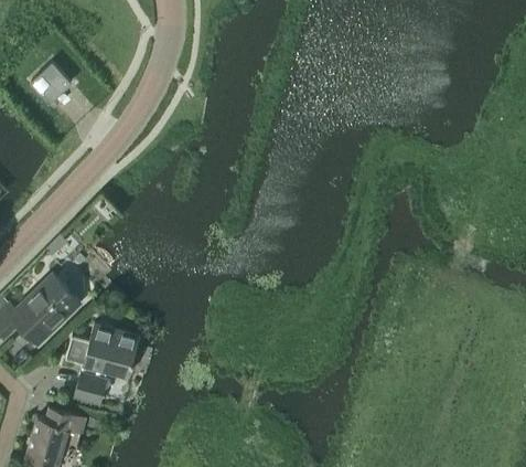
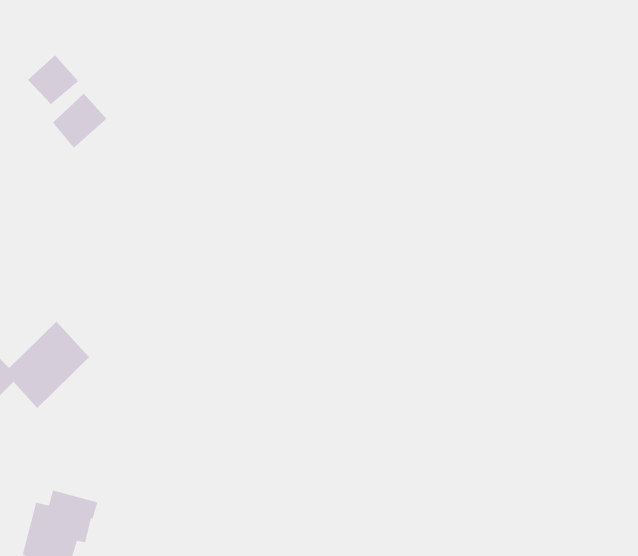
building: none -> [52,93,107,148]
building: [65,325,139,404] -> none

